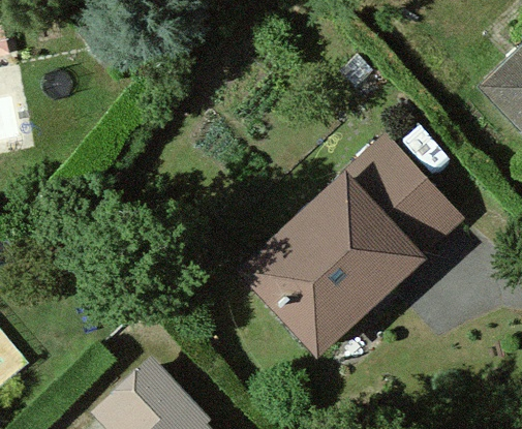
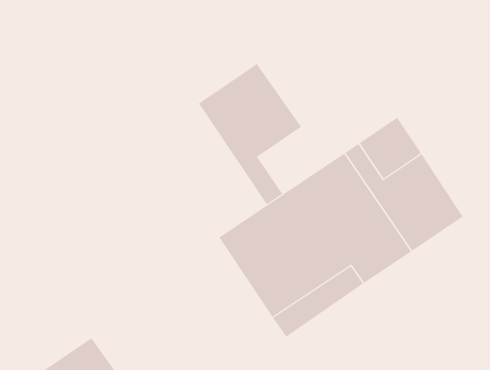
building: none -> [198,63,302,205]

